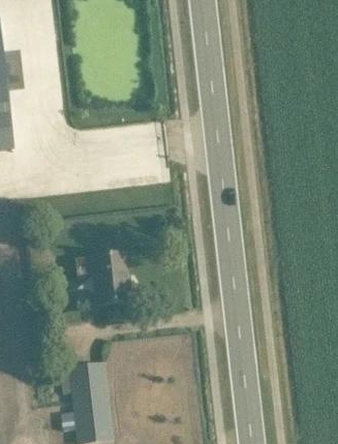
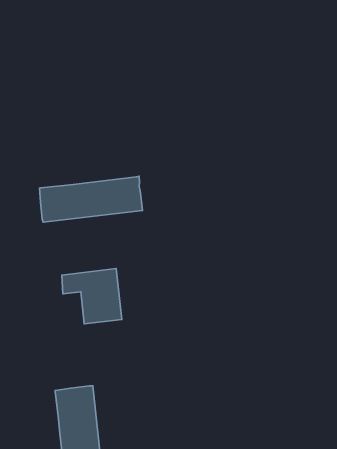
building: none -> [40,176,143,222]

